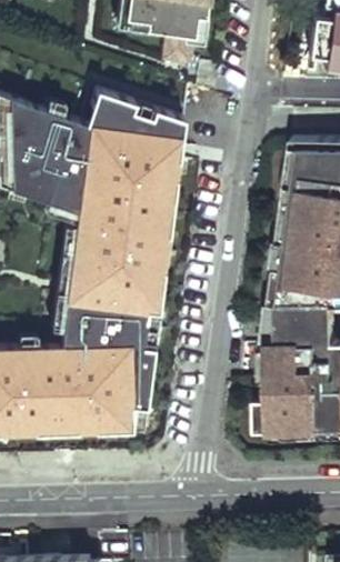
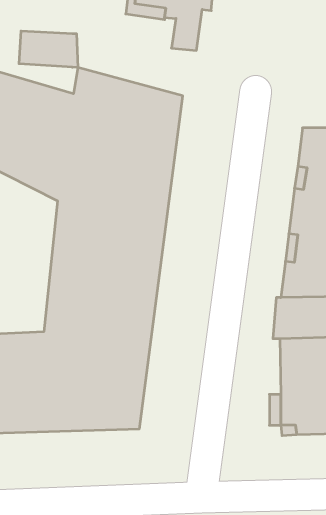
building: none -> [19,31,78,67]

